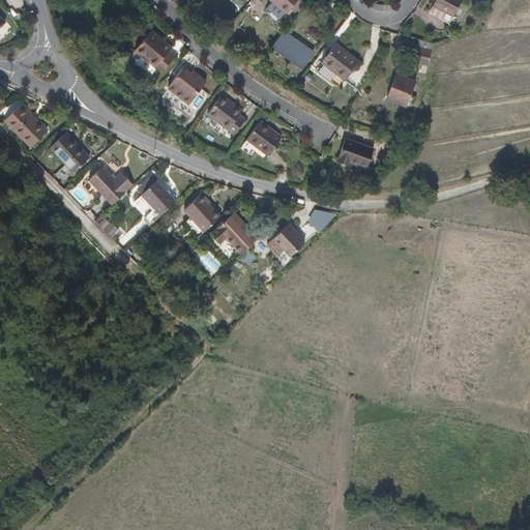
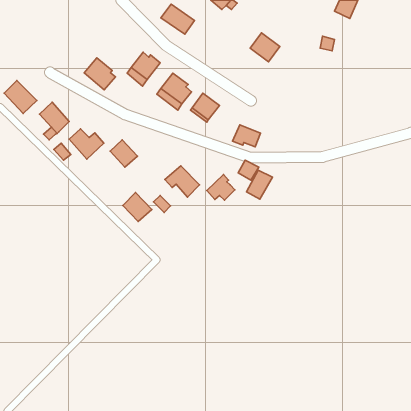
building: [136,30,176,71] -> [84,58,115,90]
building: [271,30,315,68] -> [161,4,194,34]
building: [387,72,417,106] -> none
building: [337,139,374,167] -> [232,125,261,147]
building: [184,194,222,231] -> [123,193,152,222]
building: none -> [246,170,272,199]

